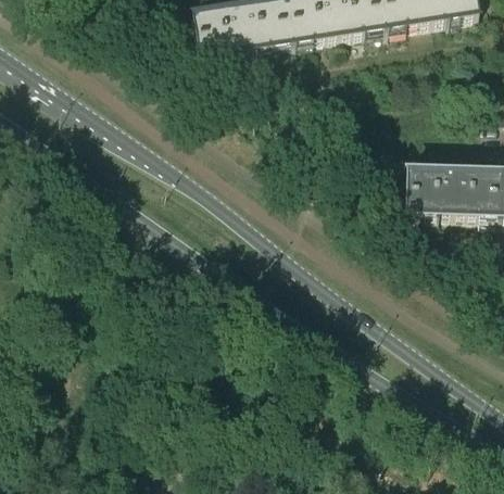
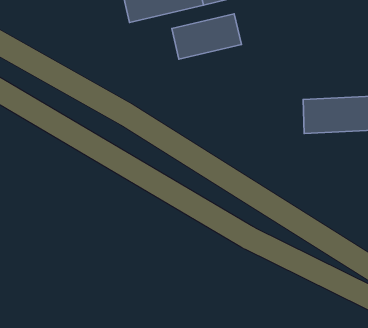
building: none -> [172,14,241,59]

